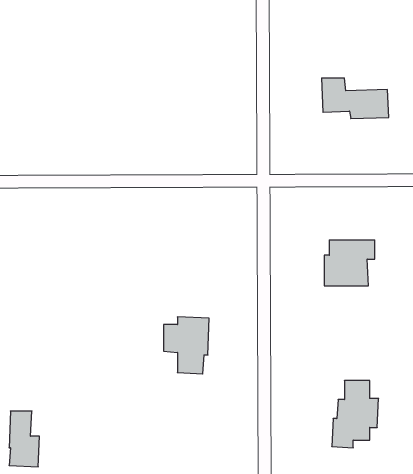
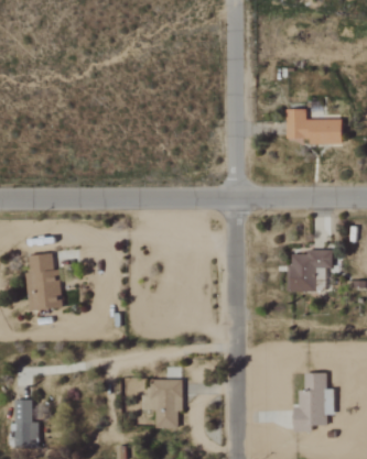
building: none -> [24,253,62,309]
building: [164,317,209,374] -> [143,379,183,428]

